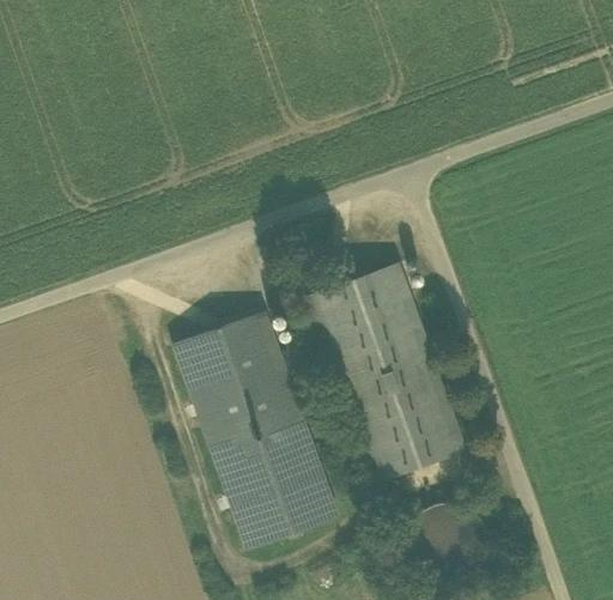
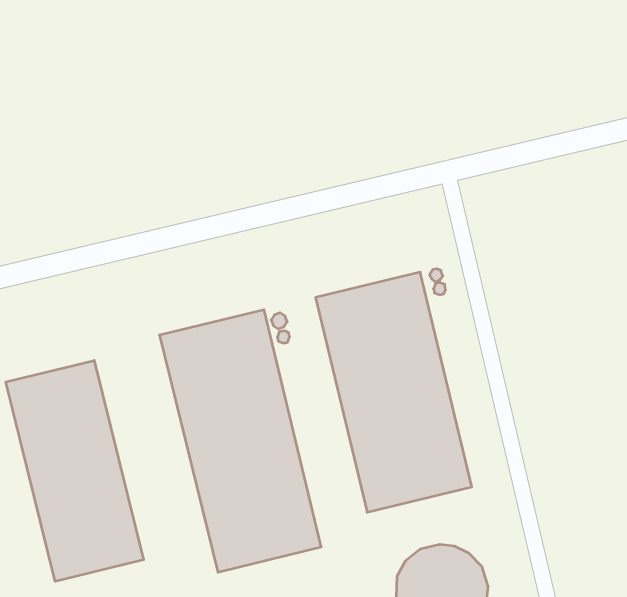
building: none -> [6,360,144,581]

